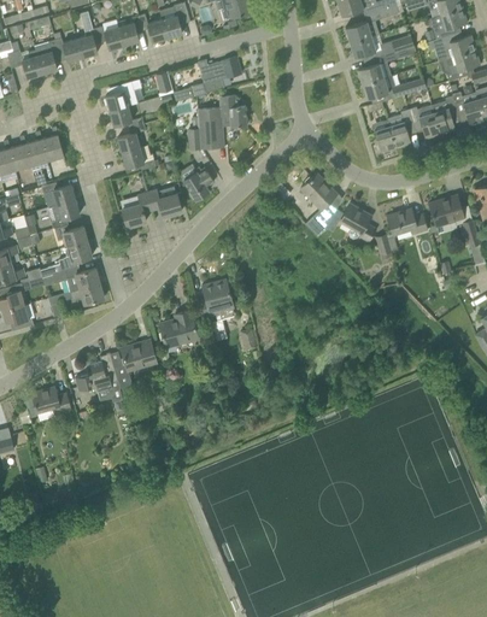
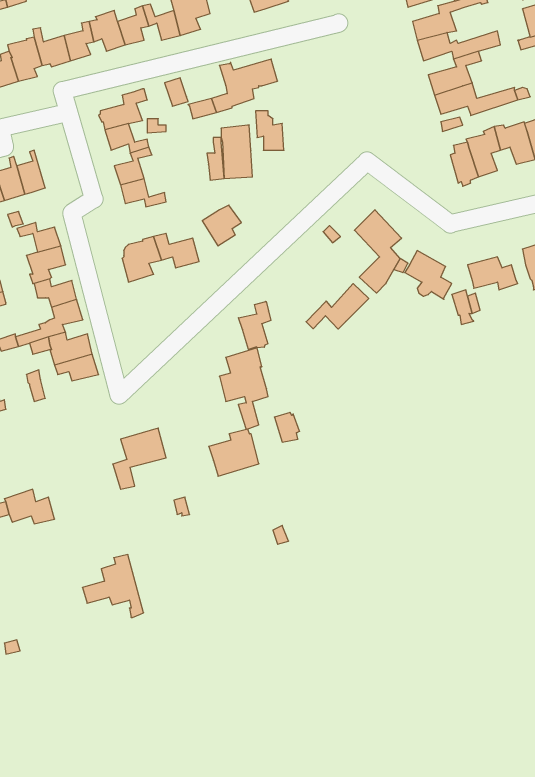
building: none -> [306,284,369,329]
building: none -> [238,301,271,350]
building: [159,311,198,347] -> [209,429,259,476]
building: [75,353,122,401] -> [82,555,144,617]

